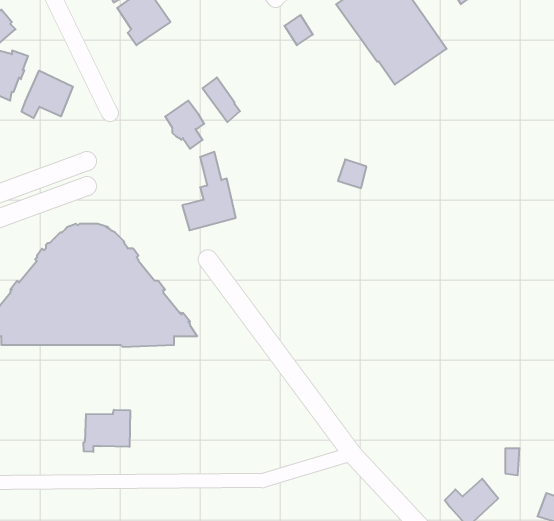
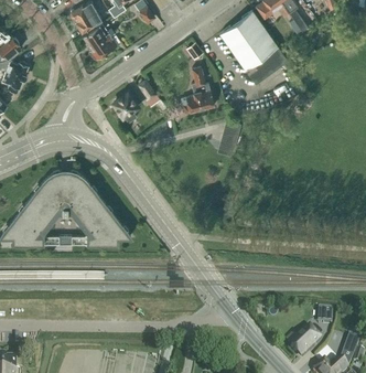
building: [22,71,73,118] -> none
building: [182,152,236,230] -> [180,65,213,114]
building: [83,410,130,452] -> none

